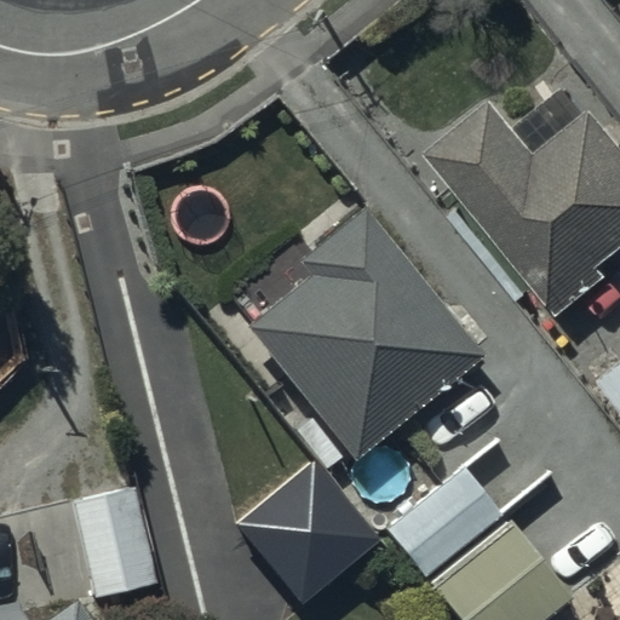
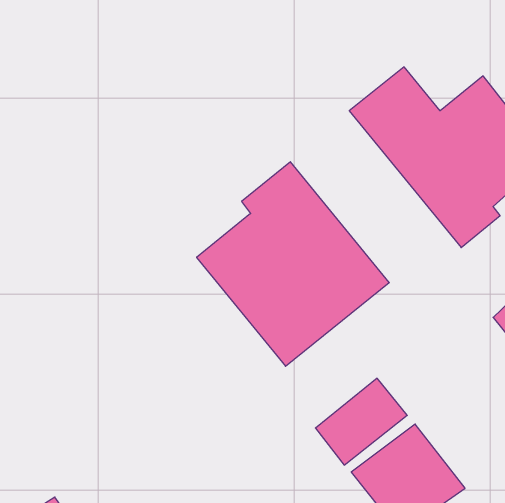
building: [242,475,380,614] -> none
building: [23,499,153,610] -> none

